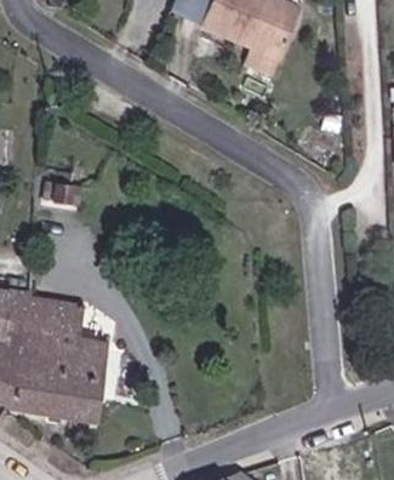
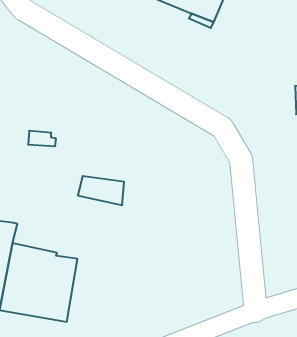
building: [28,298,86,335] -> [78,176,124,205]

